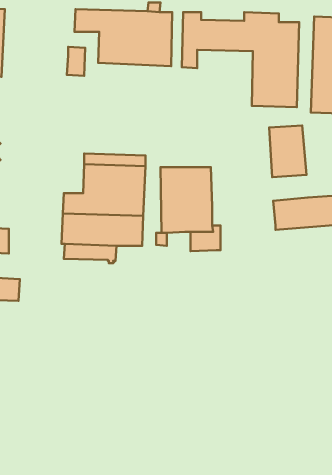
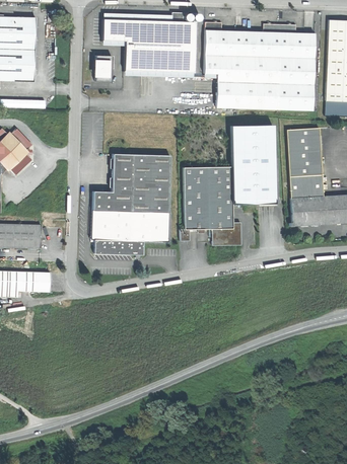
building: none -> [217,57,271,109]
building: none -> [230,126,274,204]
building: none -> [289,174,323,199]

